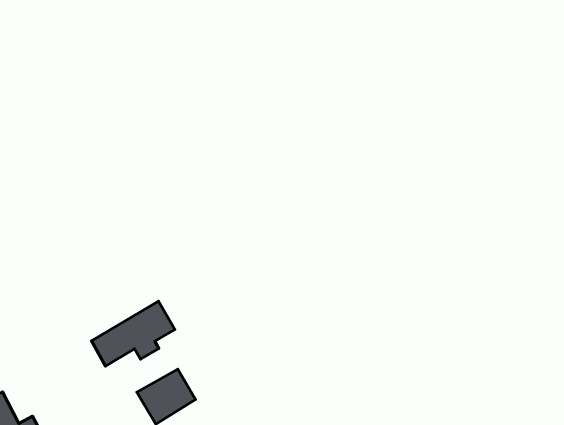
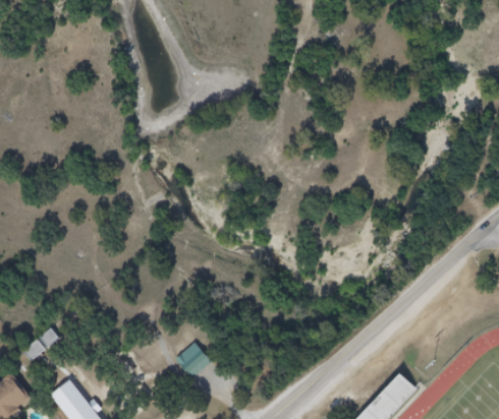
building: [91,301,175,366] -> none

